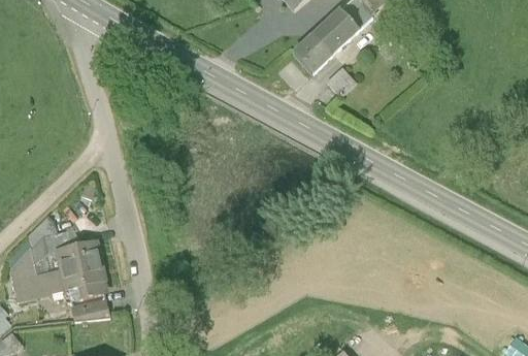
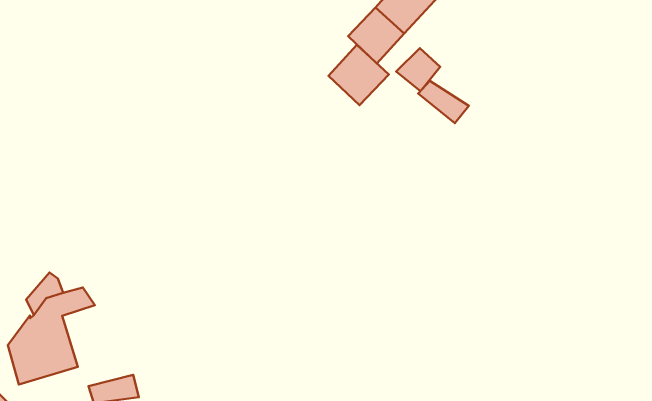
building: none -> [329,45,389,105]
building: none -> [418,81,469,123]
building: [53,241,105,300] -> none

